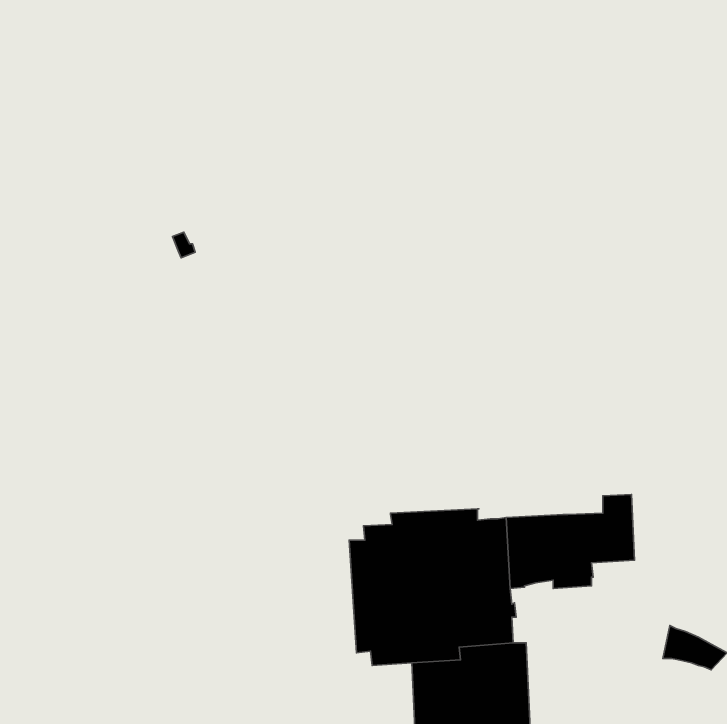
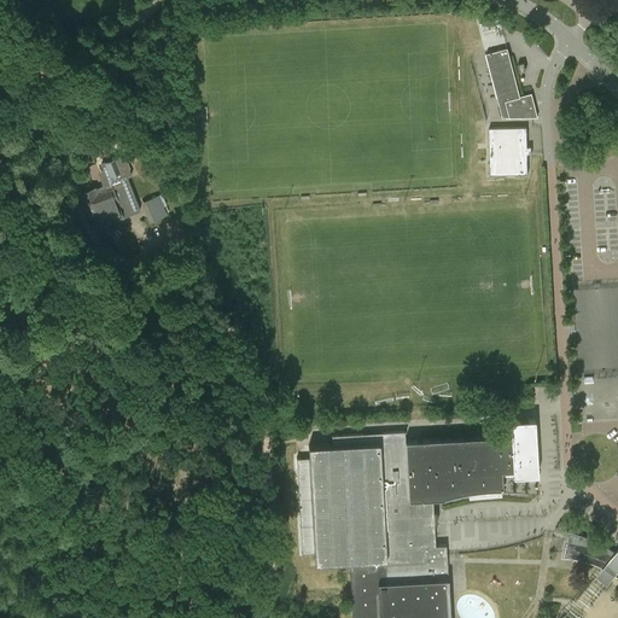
building: none -> [488,52,538,121]
building: none -> [490,130,532,179]
building: none -> [82,161,140,232]

